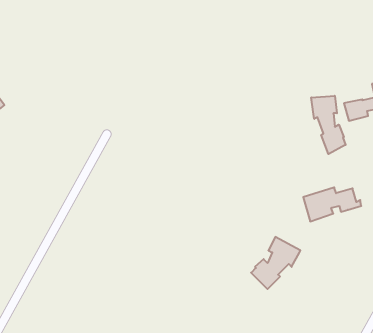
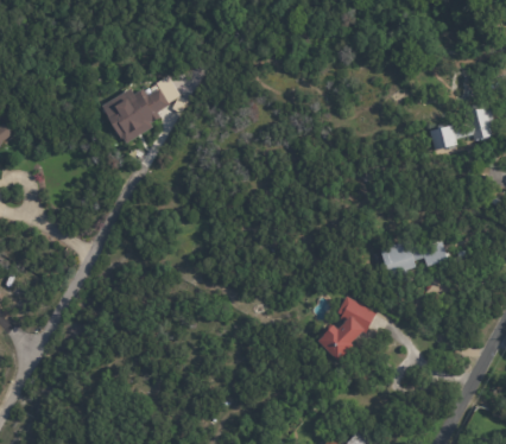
building: none -> [100,89,170,145]
building: [311,96,346,154] -> none

